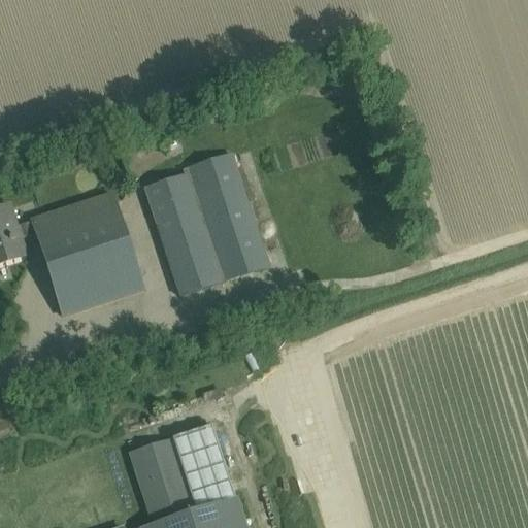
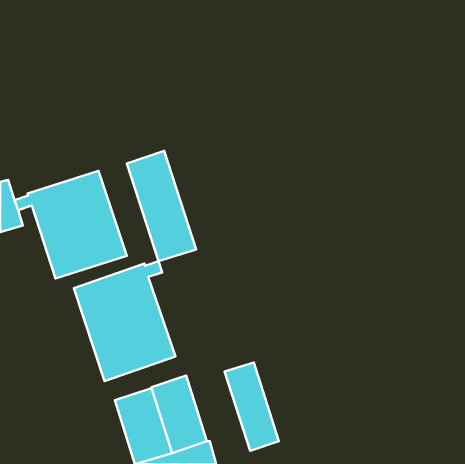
building: [185,150,270,282] -> none
building: none -> [74,261,175,381]
building: none -> [224,362,279,451]

